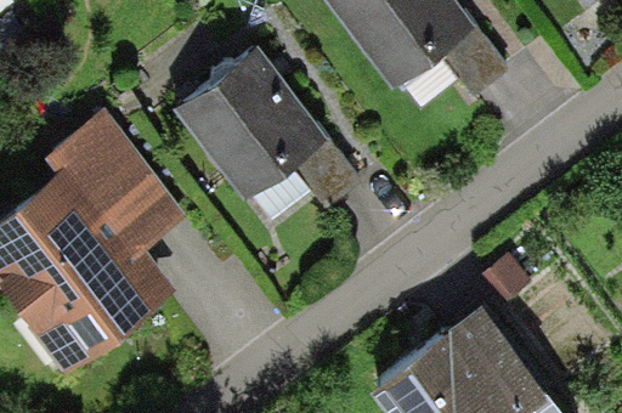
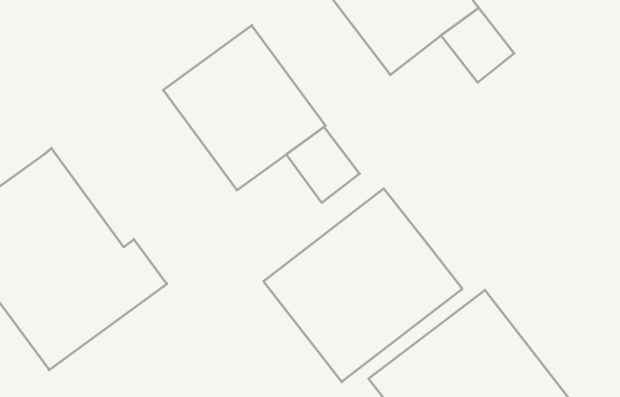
building: [49,114,185,259] -> none
building: none -> [264,189,462,382]

